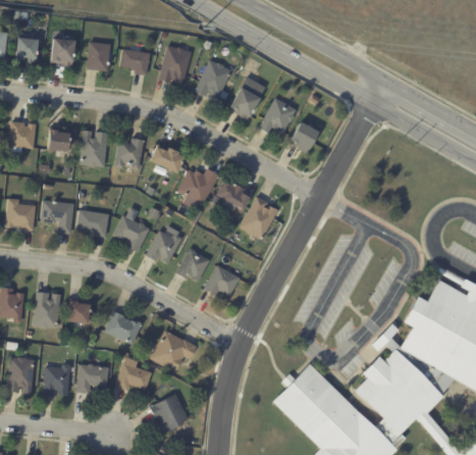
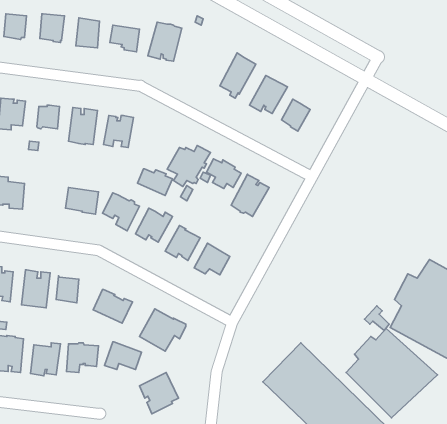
building: [195,59,231,101] -> none
building: [151,146,186,172] -> [137,169,172,195]
building: [41,200,74,234] -> none

